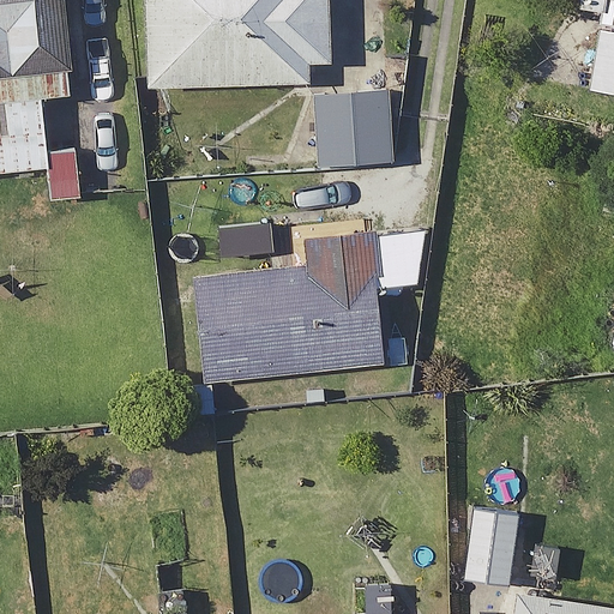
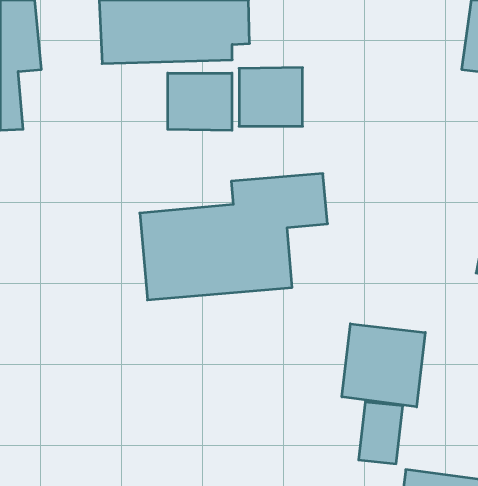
building: none -> [168,73,232,130]
building: none -> [342,324,425,407]

